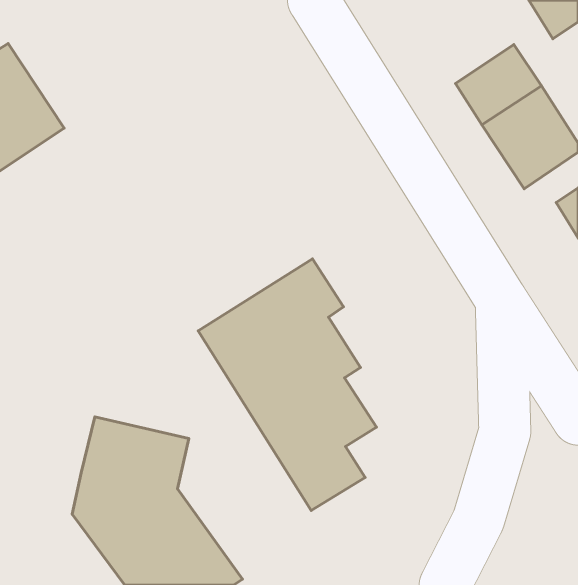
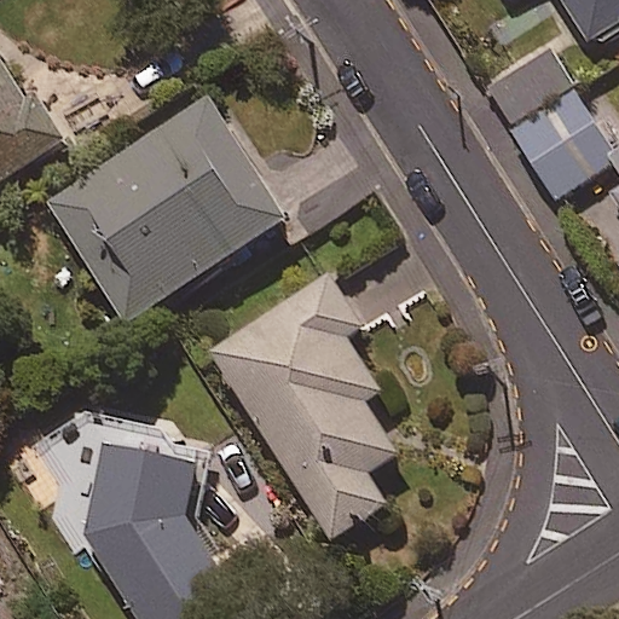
building: none -> [46,94,289,322]

